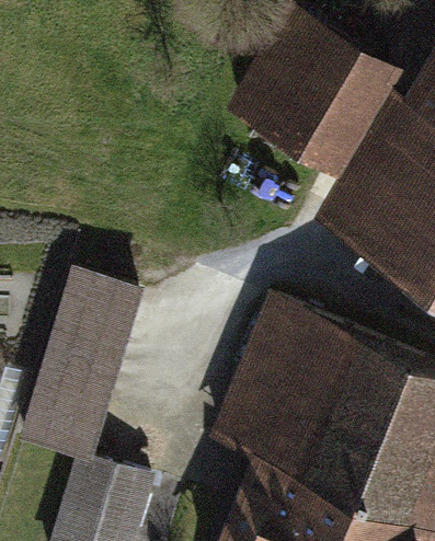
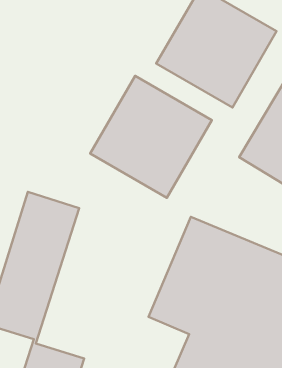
building: none -> [90,76,212,198]

